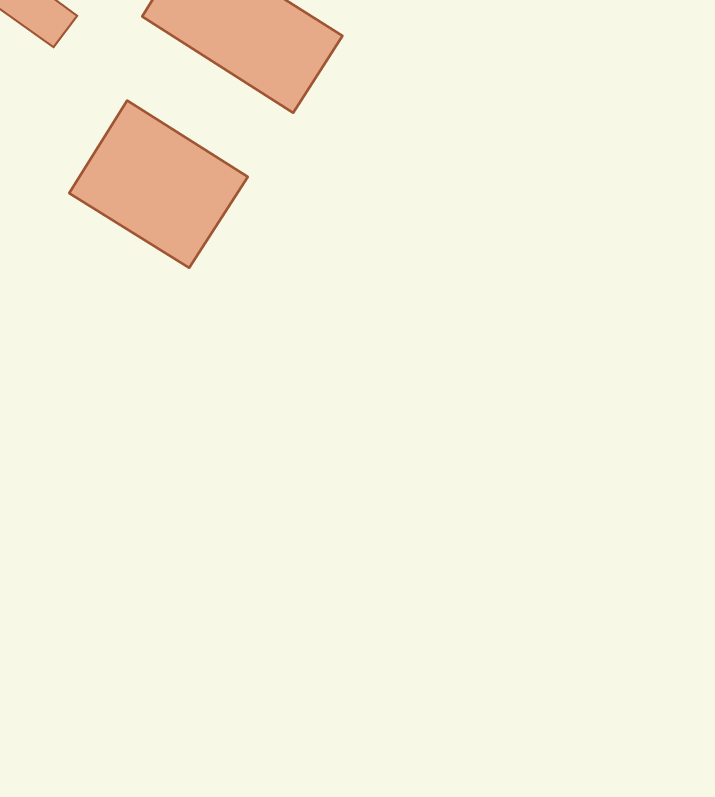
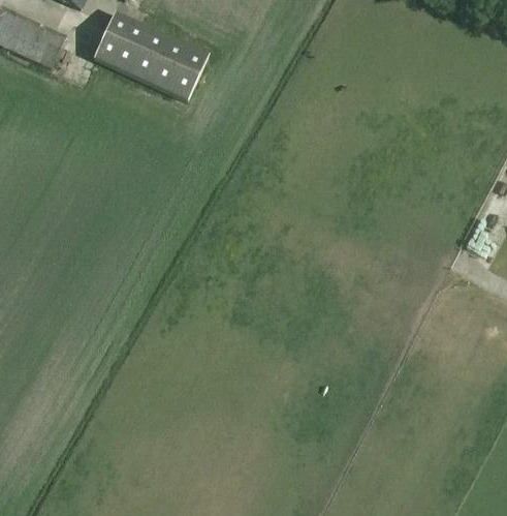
building: [69,100,248,268] -> none

